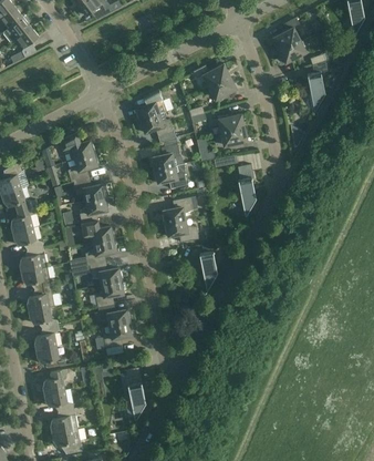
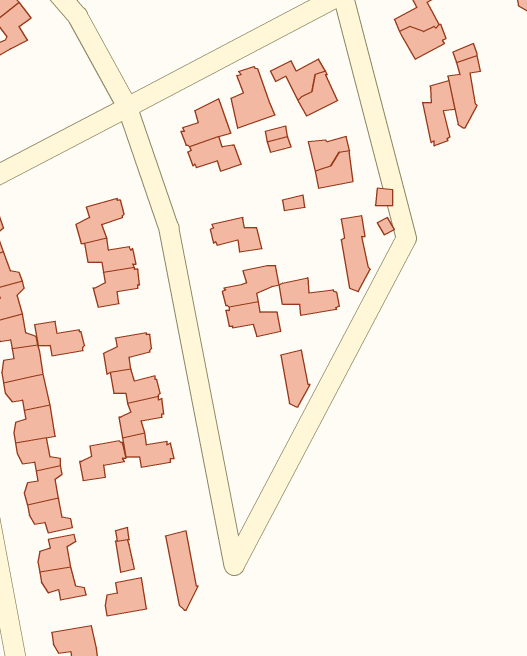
building: none -> [231,67,275,128]
building: none -> [423,80,455,146]
building: [61,134,95,158] -> none
building: [152,143,185,170] -> none
building: none -> [279,278,339,315]
building: [82,221,114,243] -> [35,321,85,356]
building: [103,322,133,348] -> [80,441,126,481]
building: [51,408,77,432] -> [105,578,147,616]

